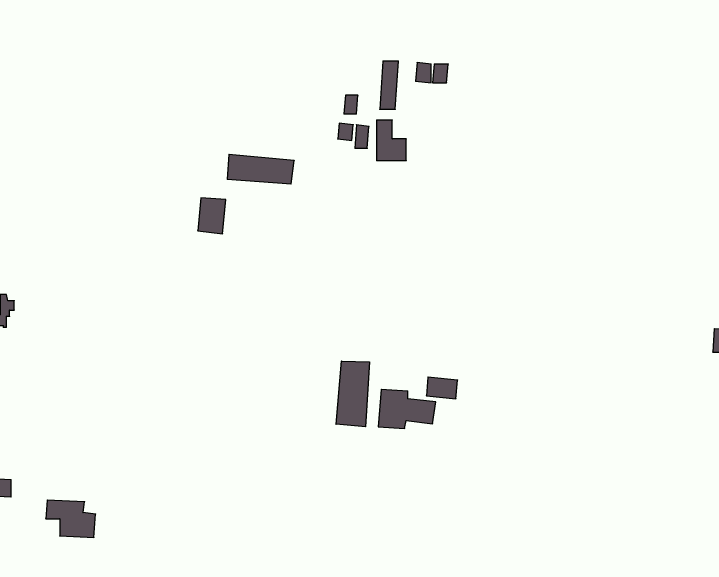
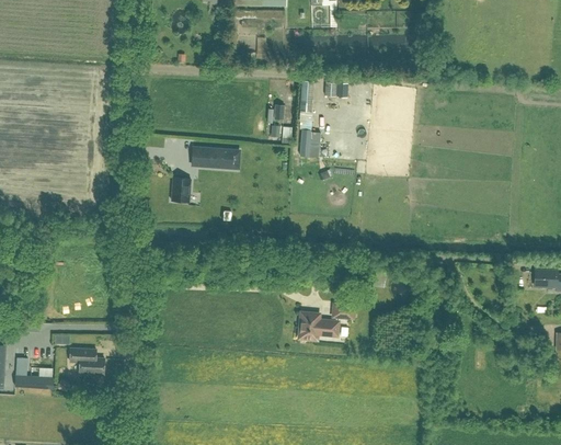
building: [336,361,369,427] -> none
building: [46,500,96,537] -> [69,349,104,375]

